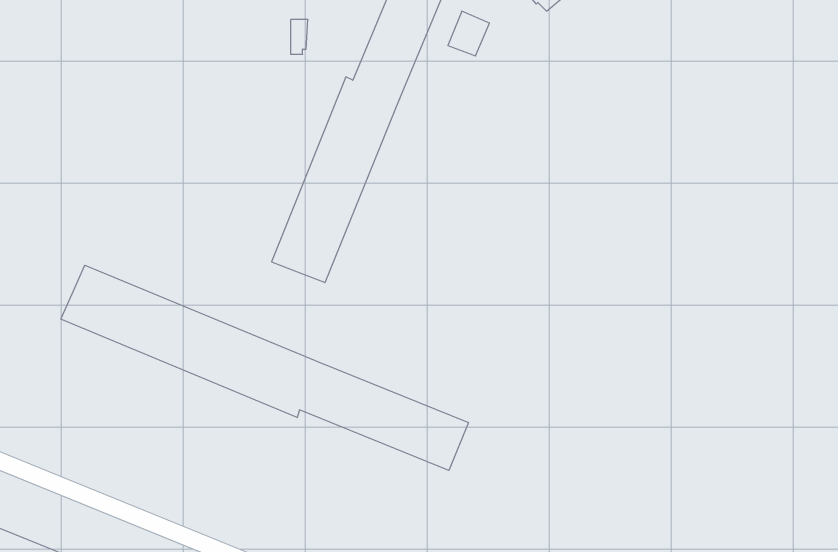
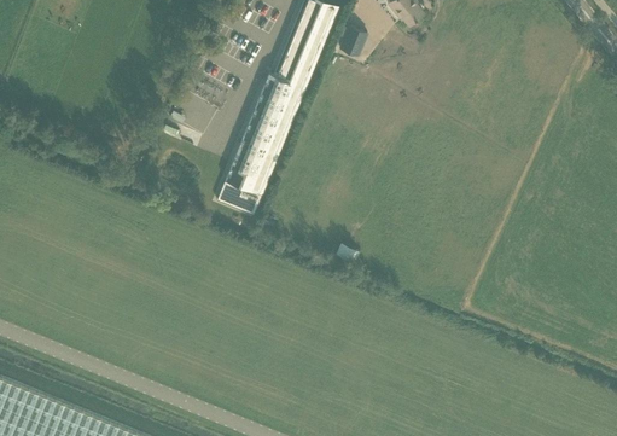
building: [61,265,468,470] -> none

